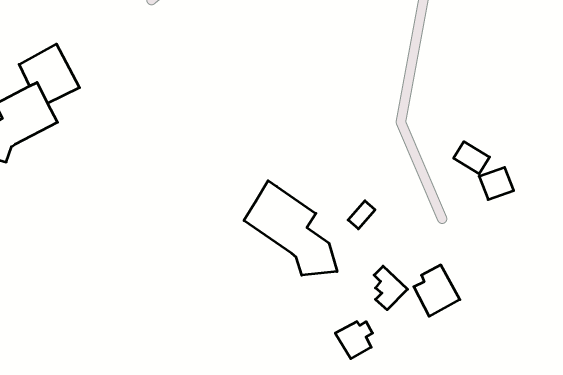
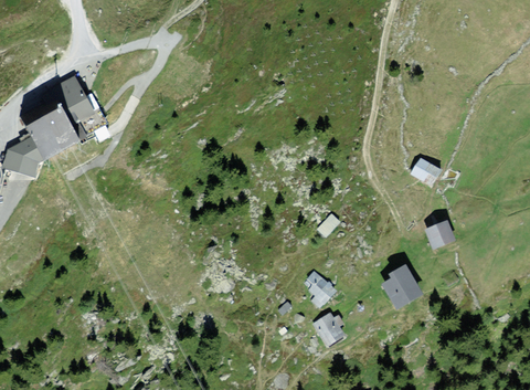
building: [479,167,514,200] -> [426,221,456,249]
building: [244,181,337,275] -> none
building: [374,266,408,310] -> [310,271,339,308]

